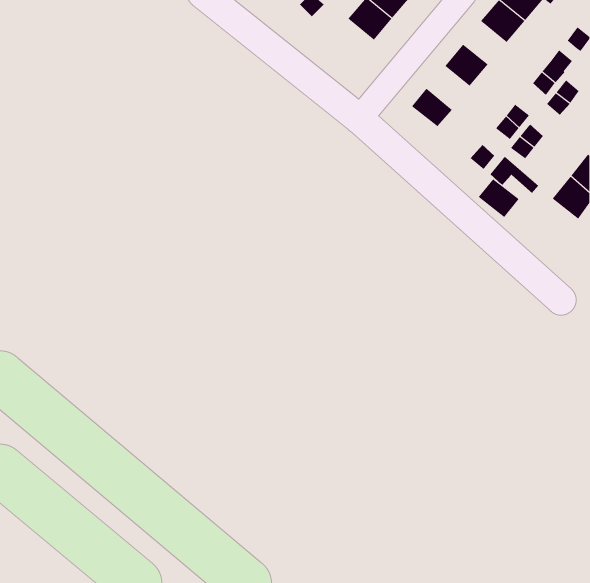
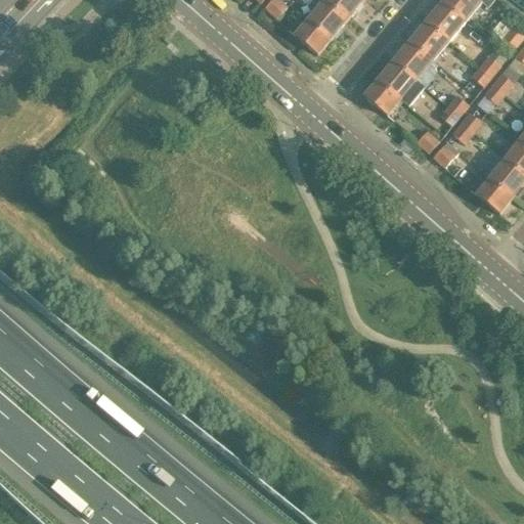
building: none -> [295,16,332,52]
building: none -> [410,18,449,57]
building: none -> [378,58,425,103]
building: [478,179,519,218] -> [476,176,513,211]

